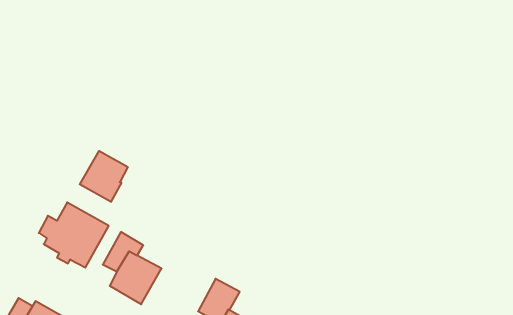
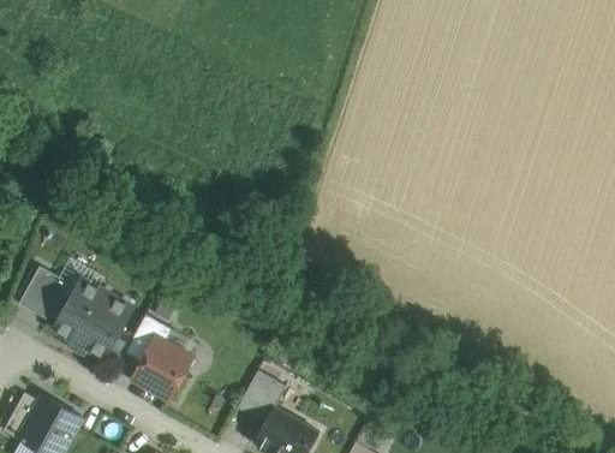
building: [80,151,128,202] -> none
building: none -> [19,266,68,318]

